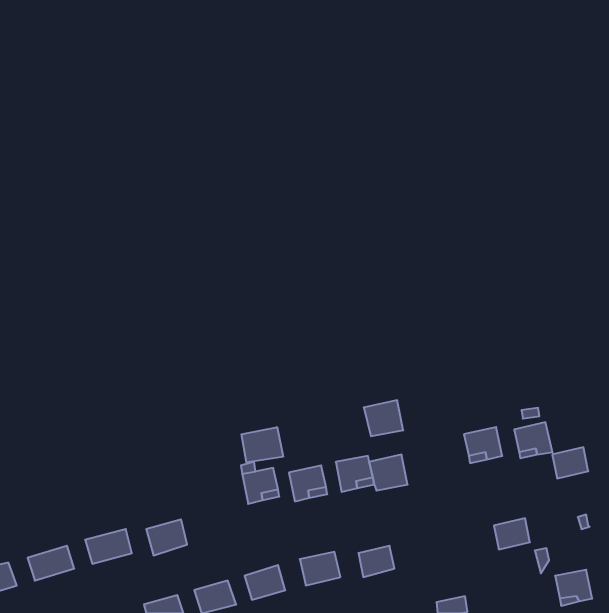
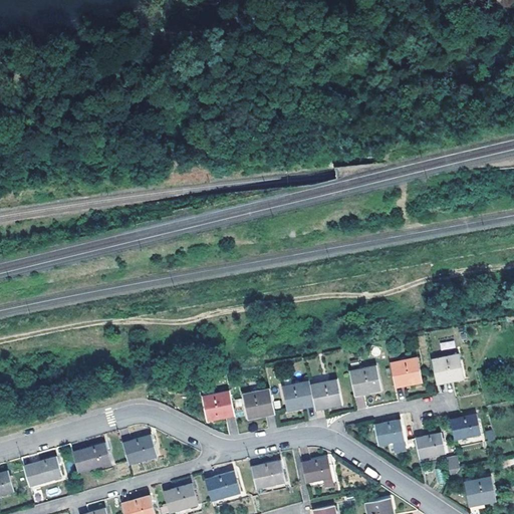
building: [364,400,403,436] -> [347,365,380,396]
building: [241,427,283,463] -> none
building: [552,447,588,478] -> [450,415,480,441]
building: none -> [374,421,404,446]

